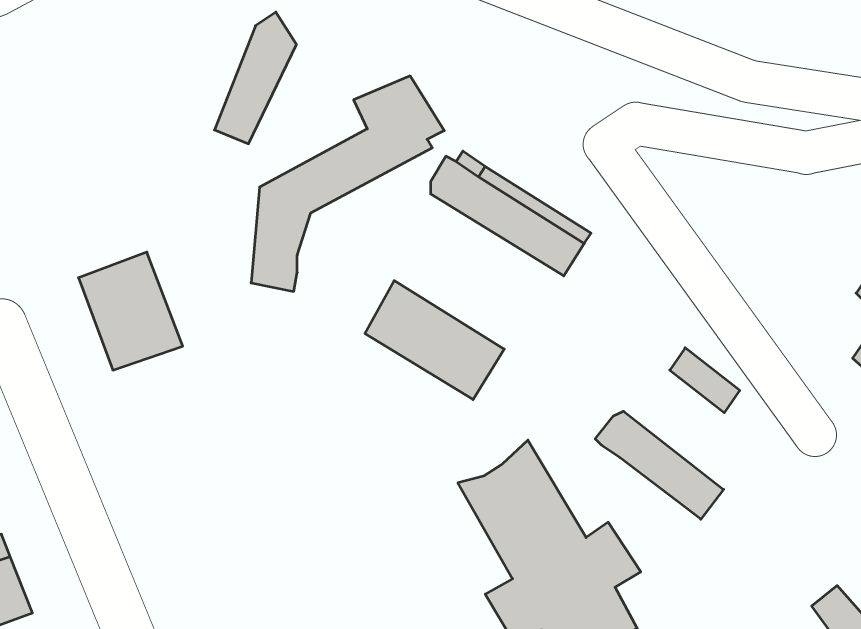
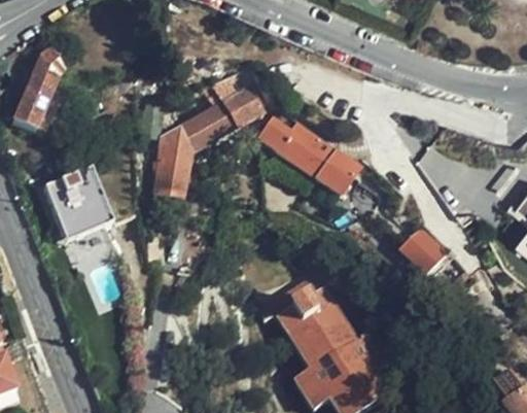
building: [214,12,296,144] -> [11,50,61,130]
building: [365,281,504,400] -> none
building: [595,411,724,519] -> none

